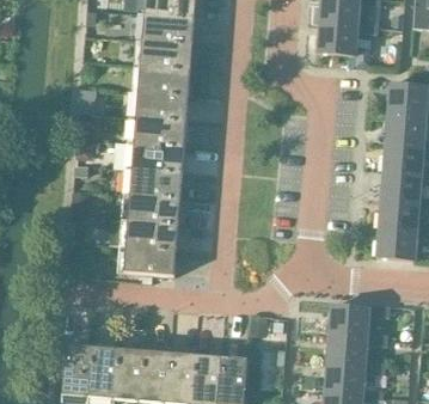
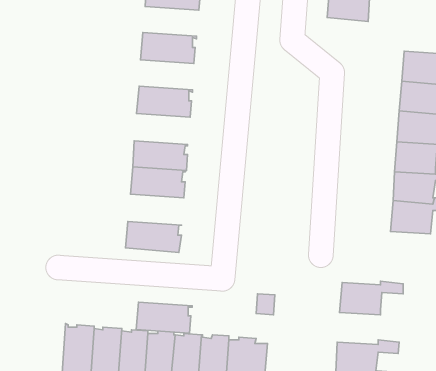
building: [140,38,194,67] -> none
building: [136,90,189,118] -> none
building: [131,141,185,171] -> none
building: [125,219,179,249] -> [136,302,192,333]
building: [326,330,388,363] -> none

